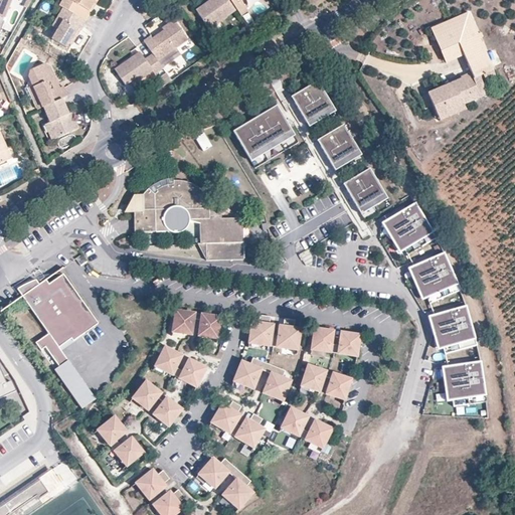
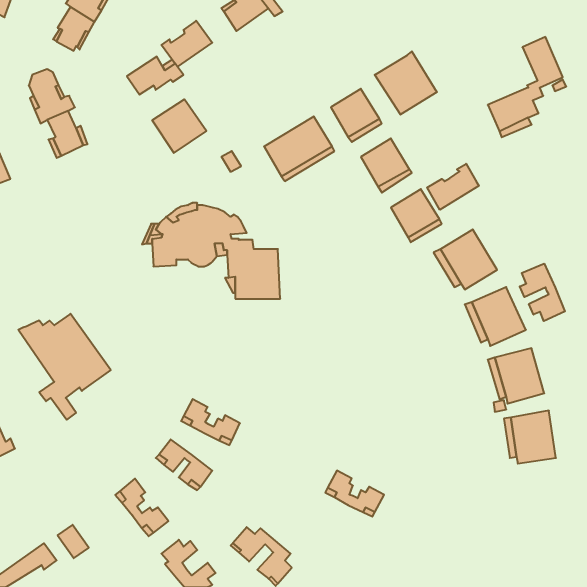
building: [431,10,476,47] -> none
building: none -> [375,51,437,115]
building: none -> [152,99,206,153]
building: none -> [427,164,479,210]
building: none -> [520,264,565,321]
building: [176,311,224,338] -> none
building: [252,317,304,351] -> none
building: [315,330,363,357] -> none
building: [54,360,94,408] -> none
building: [237,360,294,400] -> none
building: [306,367,354,399] -> none
building: [215,403,267,448] -> none

